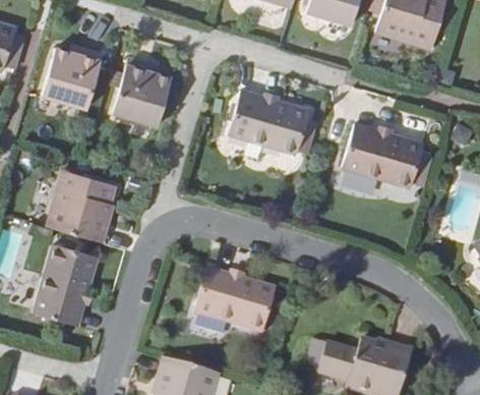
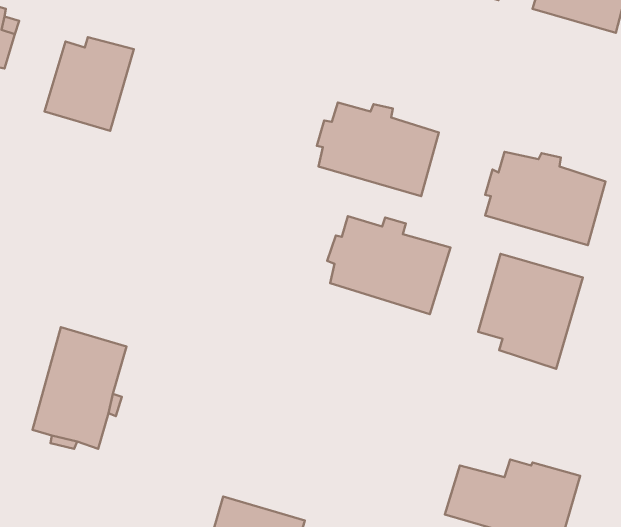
building: [114,57,172,126] -> none
building: [48,170,118,242] -> none
building: none -> [478,254,583,369]
building: [195,268,280,335] -> [327,216,451,314]

